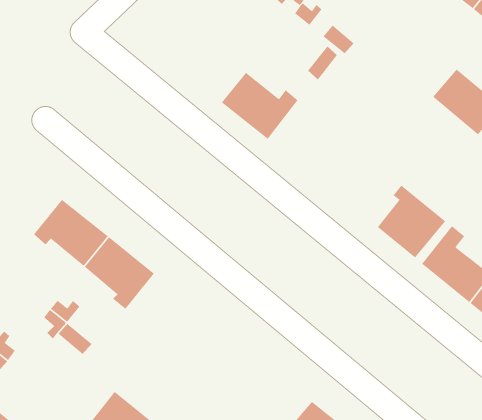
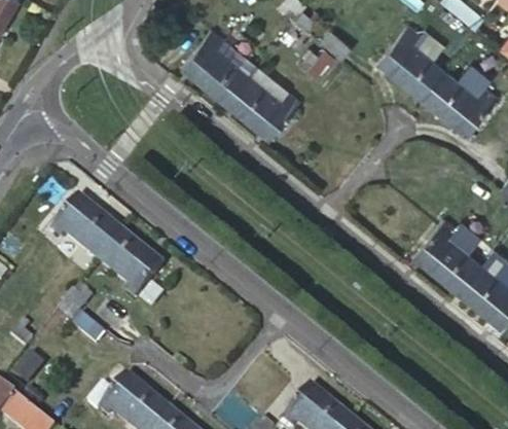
building: none -> [382,26,448,99]
building: none -> [182,30,251,104]
building: [377,184,446,258] -> none

